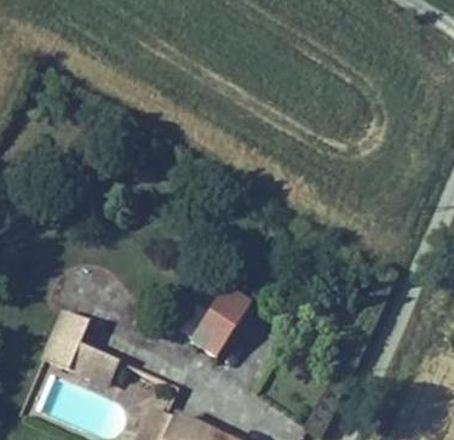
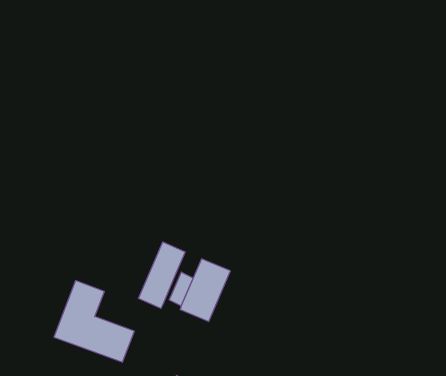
building: none -> [139,242,185,308]

